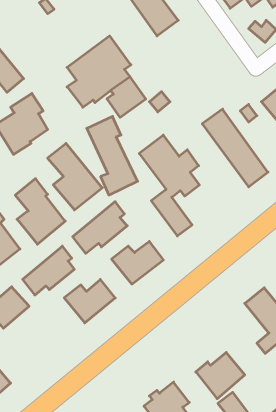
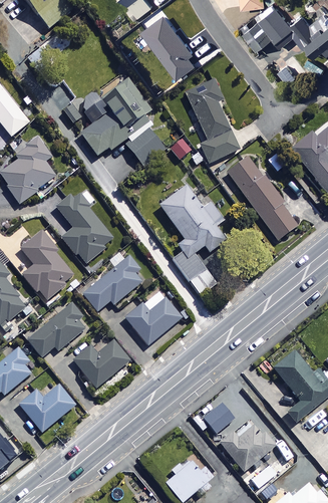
building: [87,116,138,195] -> [183,76,238,162]
building: none -> [19,384,77,432]
building: none -> [204,399,236,431]

